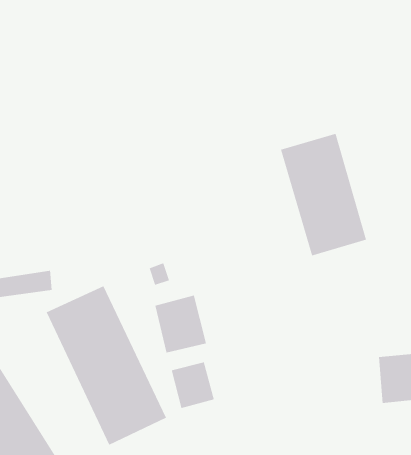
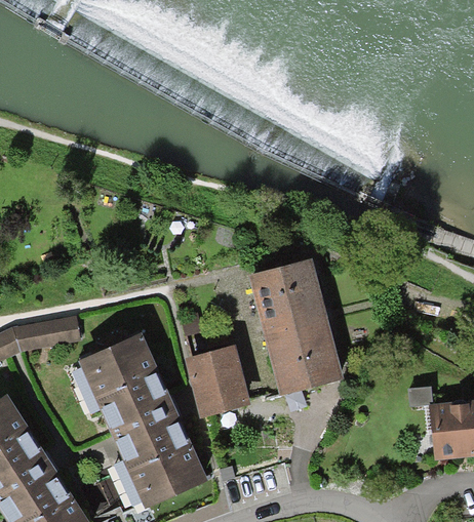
building: [280,133,367,256] -> [250,260,344,393]
building: [171,362,214,409] -> none

